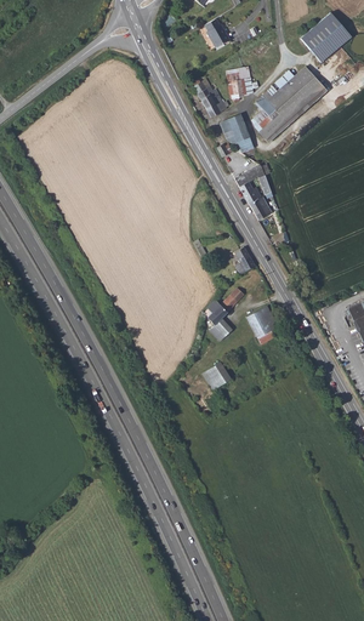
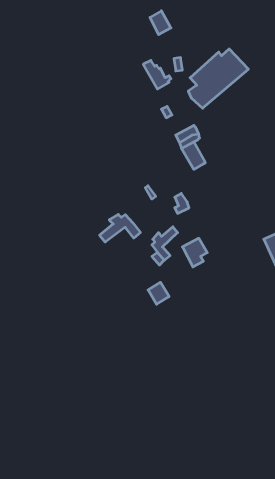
building: [300,11,353,62] -> none
building: [222,113,255,152] -> none
building: none -> [100,214,140,242]

